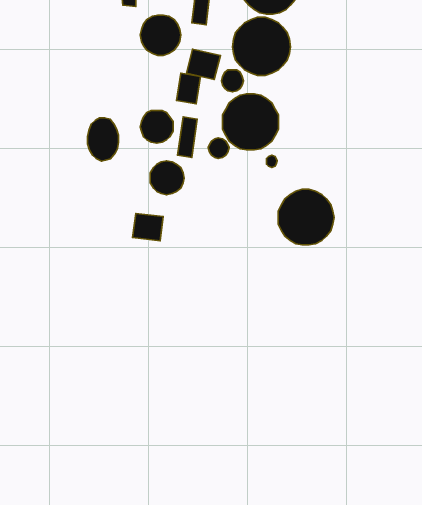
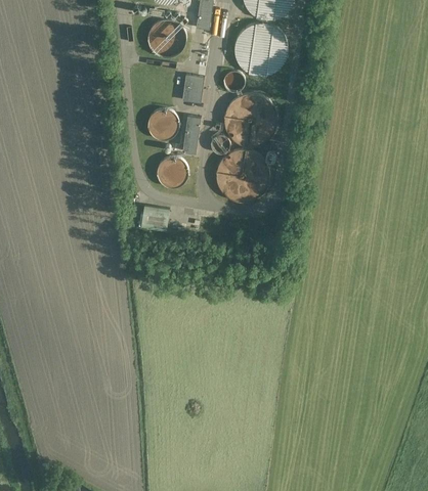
building: [187,49,220,80] -> none
building: [88,118,119,161] -> none
building: [278,189,334,245] -> [216,148,268,200]

